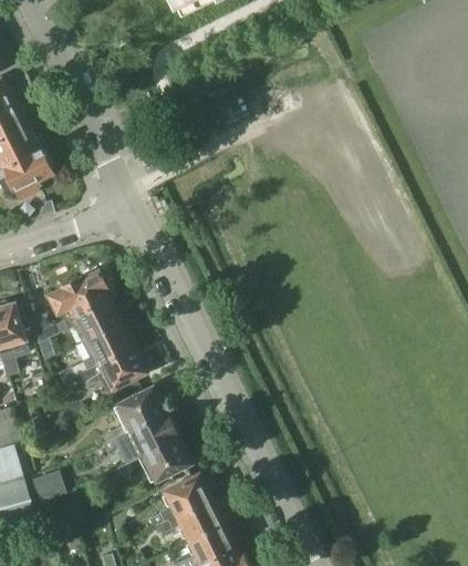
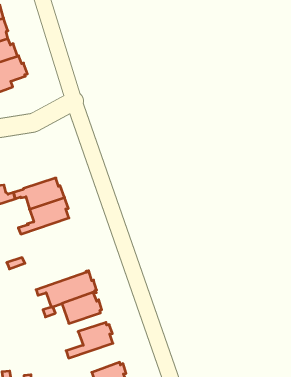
building: [50,269,113,316] -> none
building: [75,346,148,391] -> none
building: [100,387,166,443] -> none
building: [157,498,225,539] -> none

